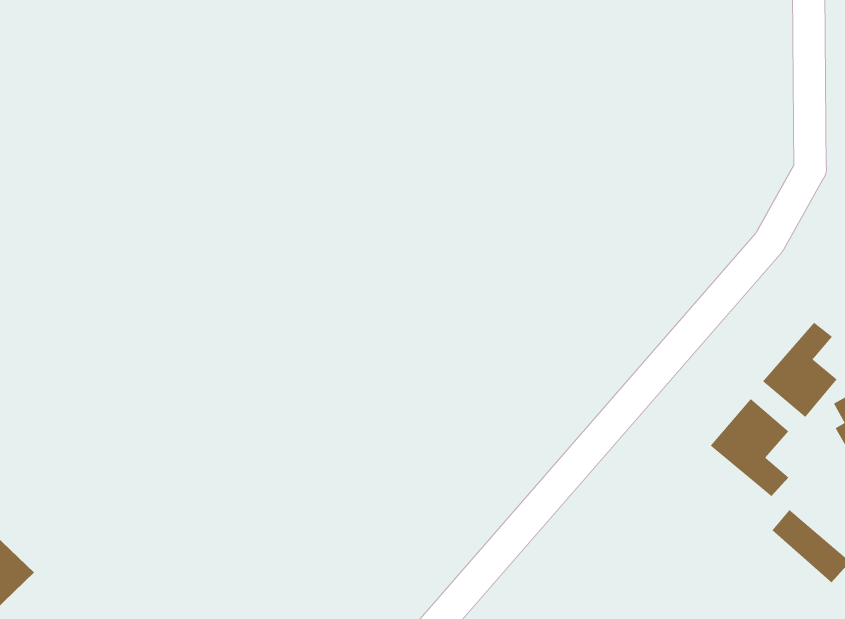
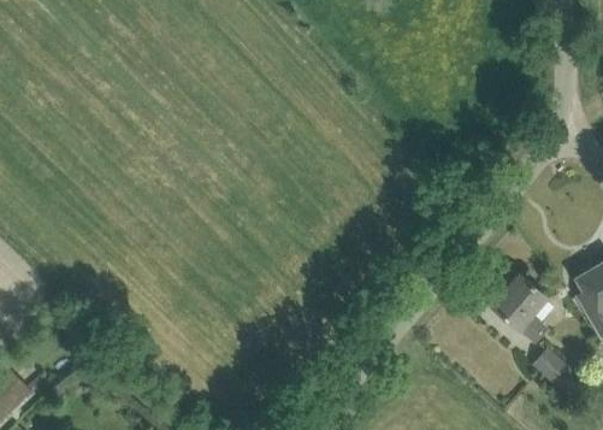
building: [762,322,838,418] -> none

